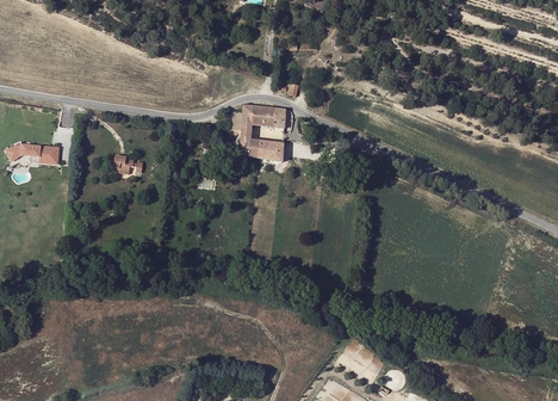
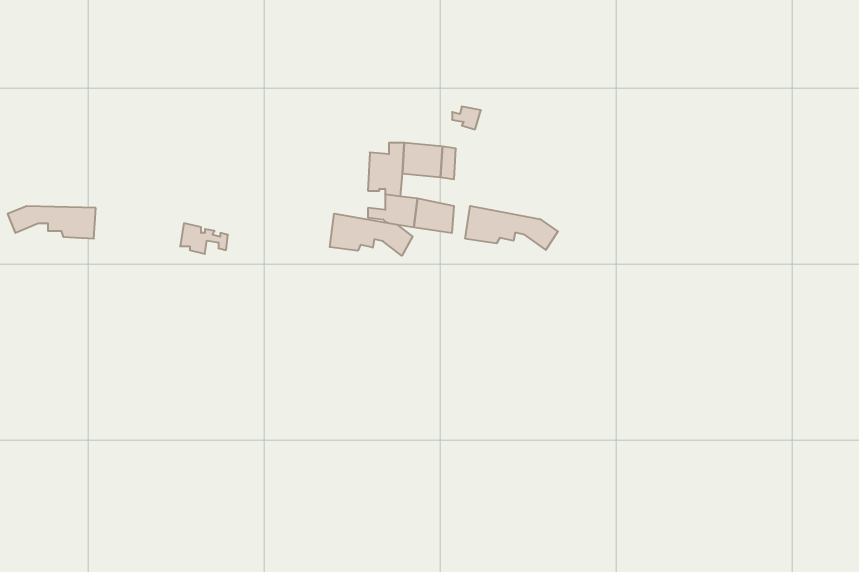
building: none -> [465,206,558,250]
building: none -> [330,214,413,256]

